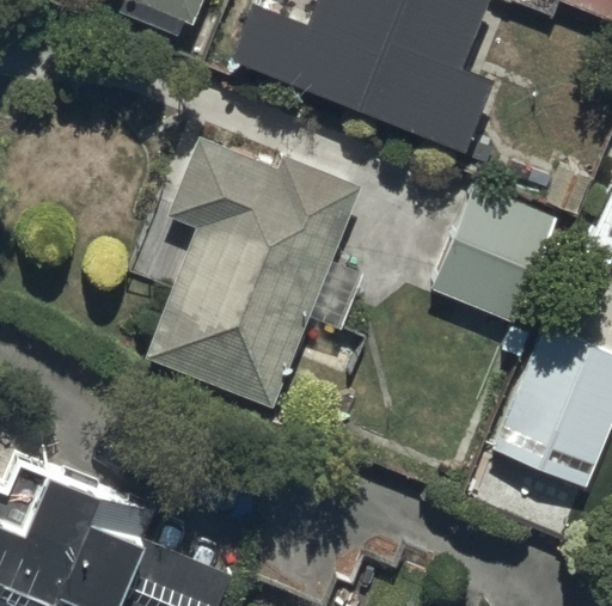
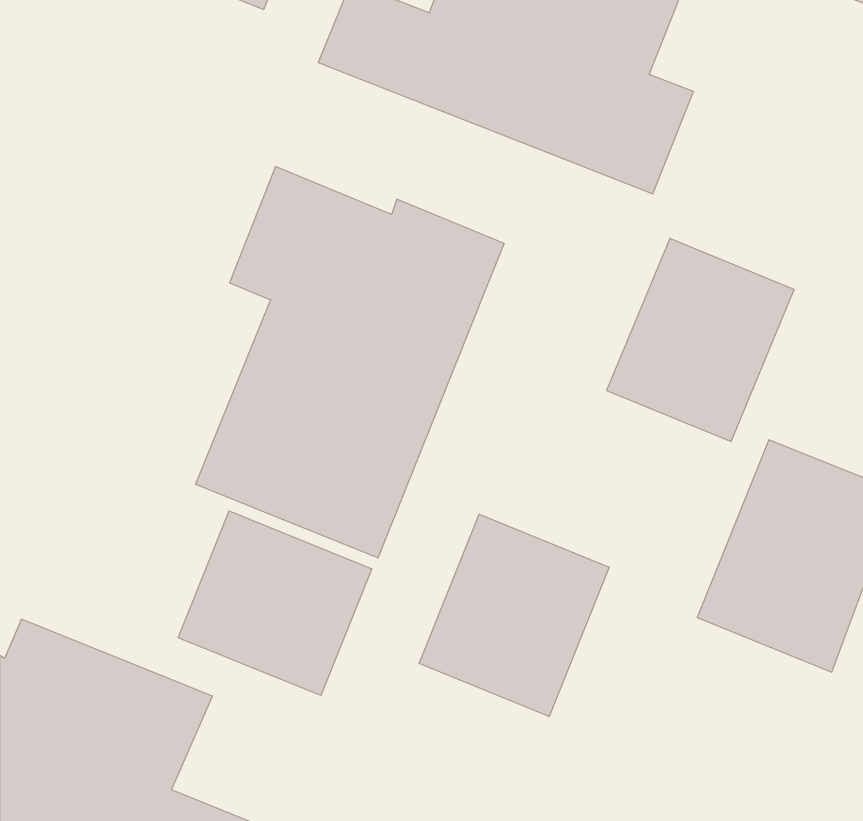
building: none -> [178,511,372,696]
building: none -> [419,514,609,717]

